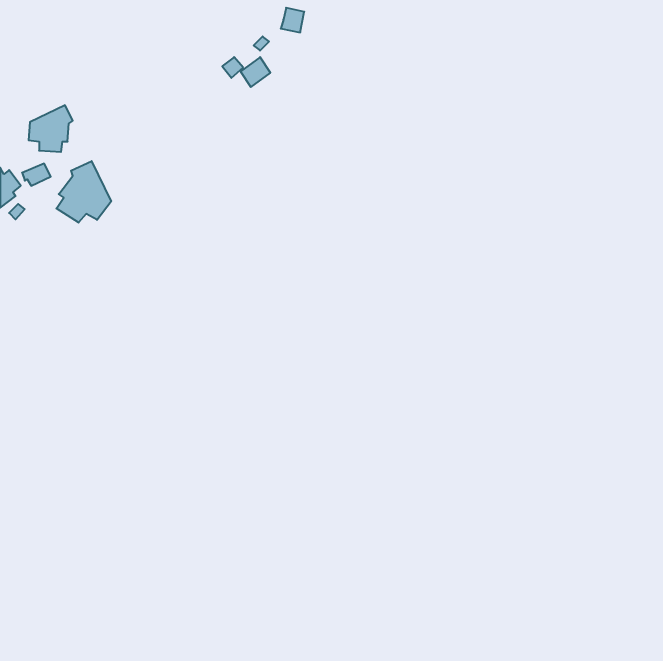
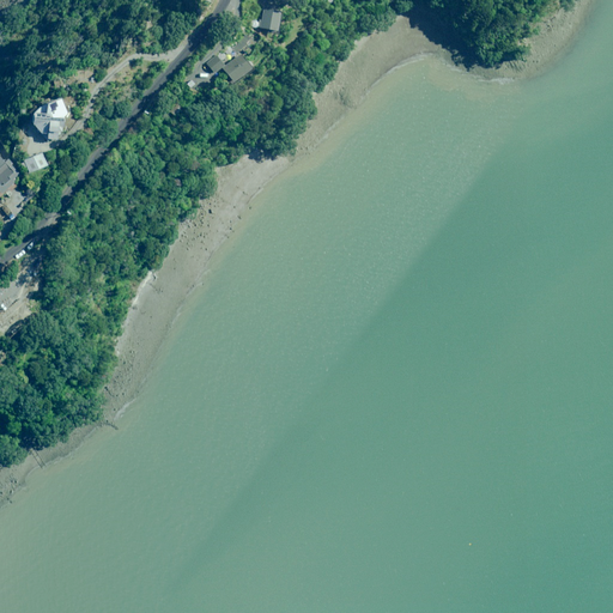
building: [56,161,111,223] -> none

